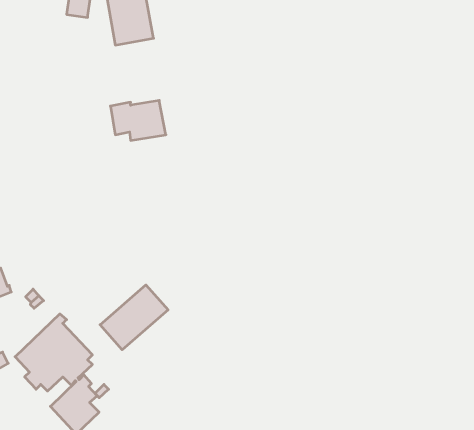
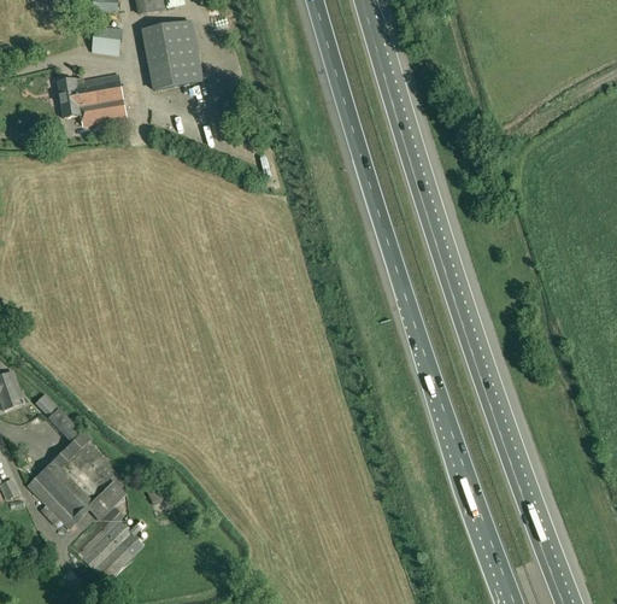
building: [110,100,166,140] -> [57,74,127,124]
building: [100,285,168,350] -> none

